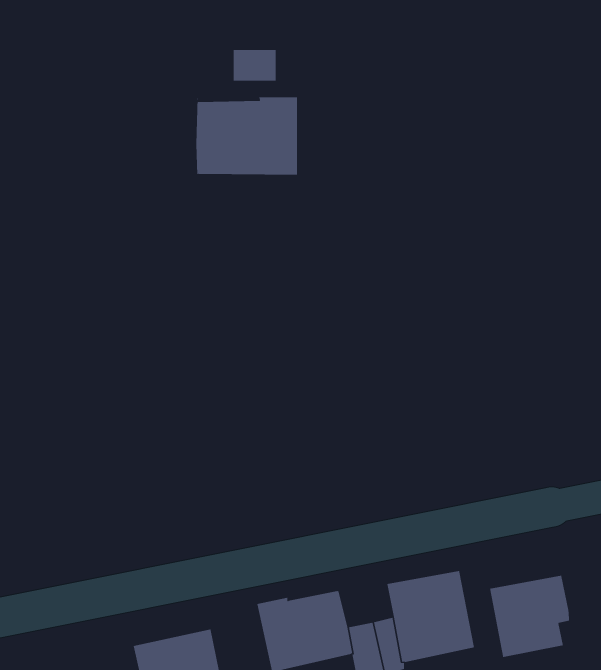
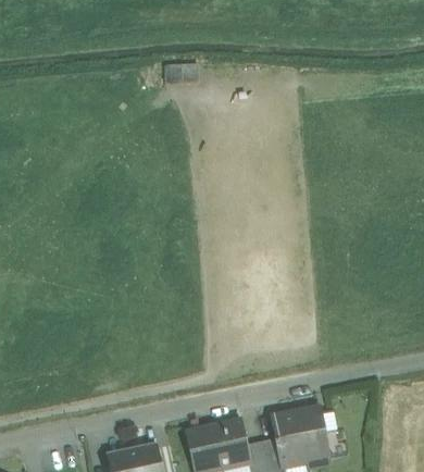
building: [196,96,297,175] -> none
building: [490,575,570,658] -> none

